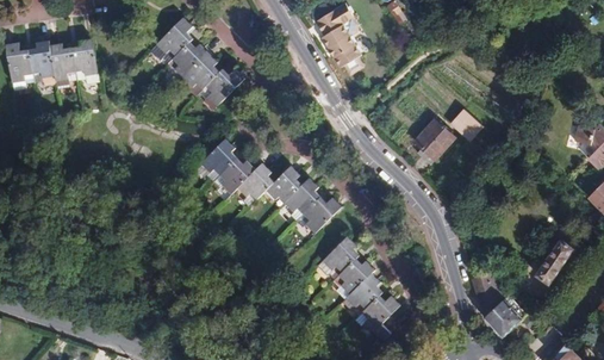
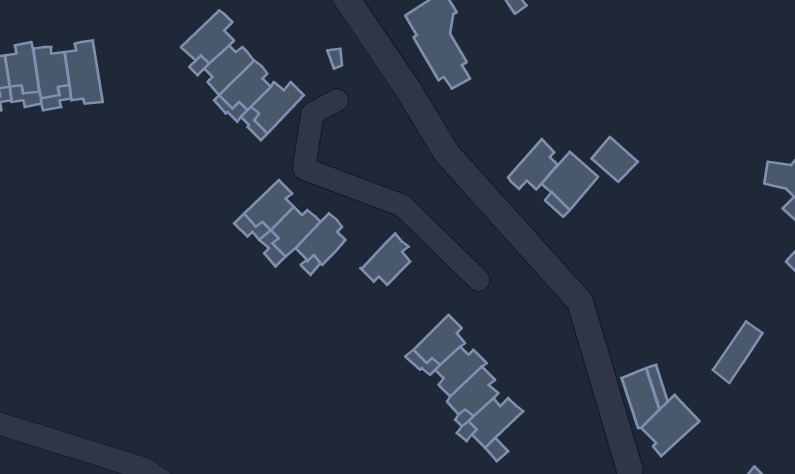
building: none -> [508,139,558,189]
building: [266,166,301,203] -> none
building: [303,198,341,234] -> none

